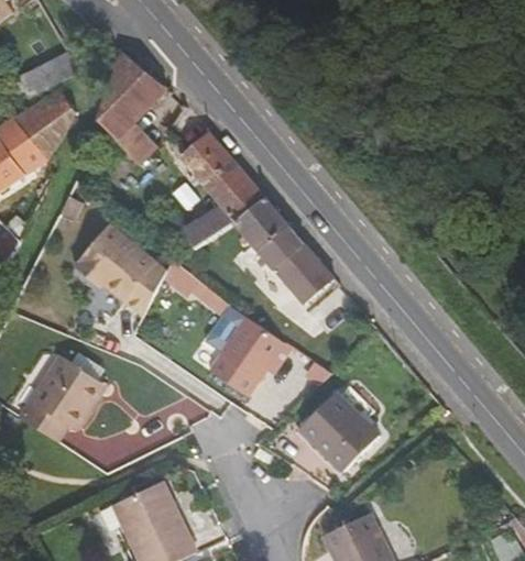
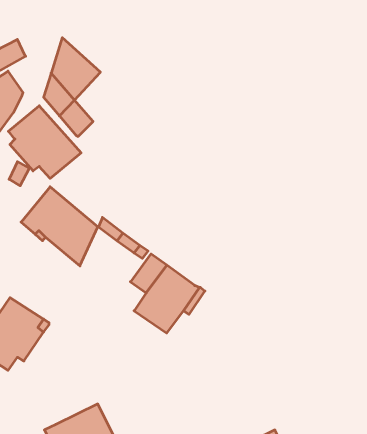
building: none -> [8,106,81,178]
building: [164,131,333,304] -> none
building: [300,393,378,471] -> none

